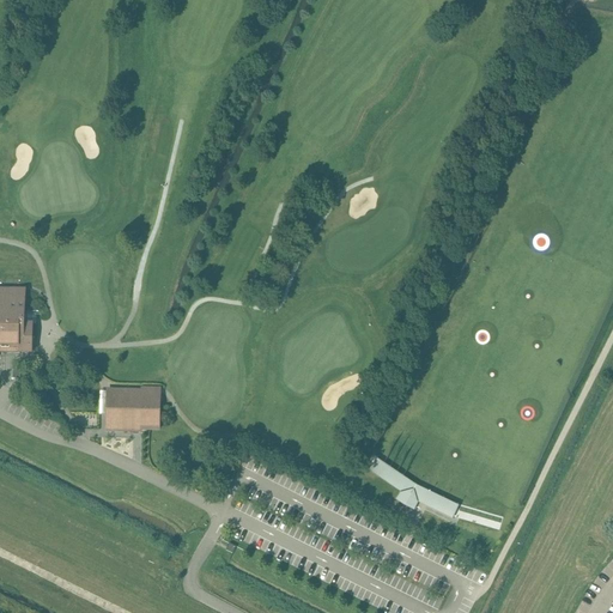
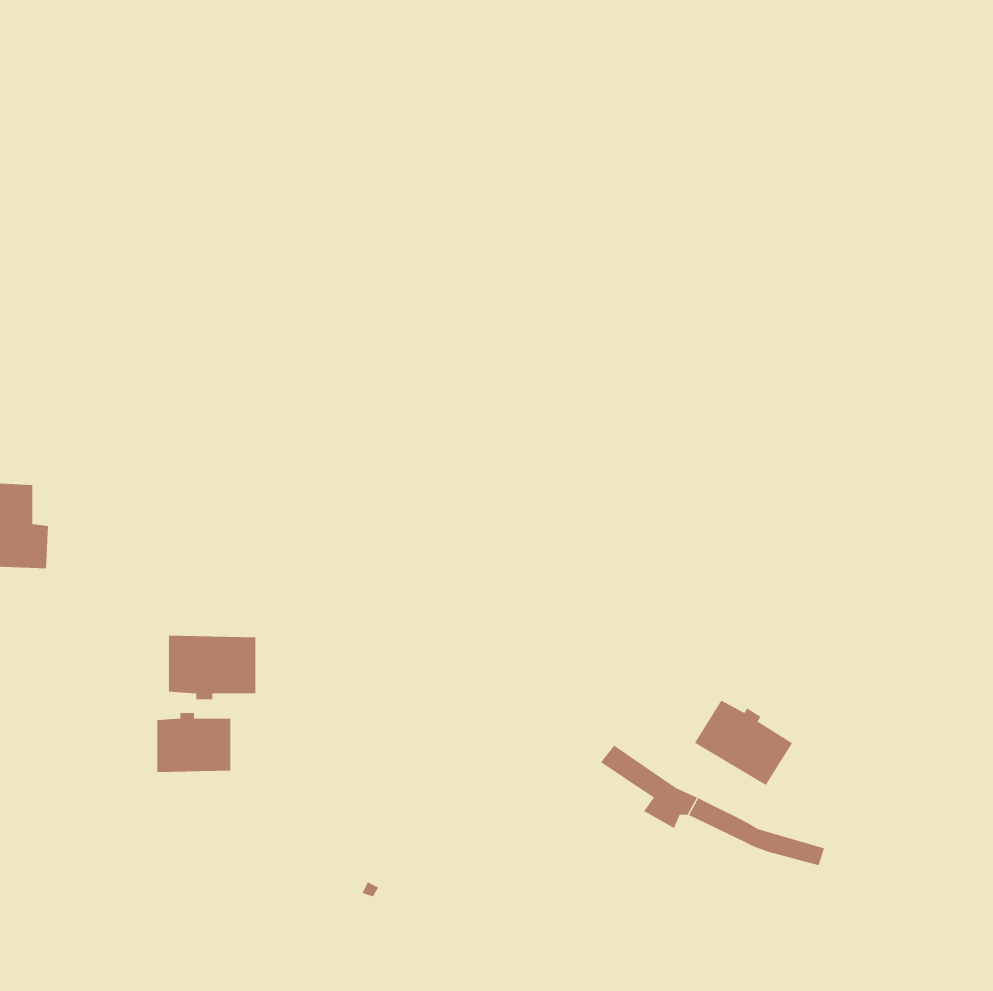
building: none -> [694,700,793,786]
building: none -> [157,712,231,773]

